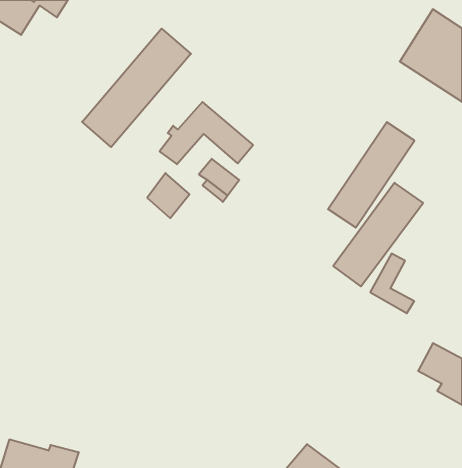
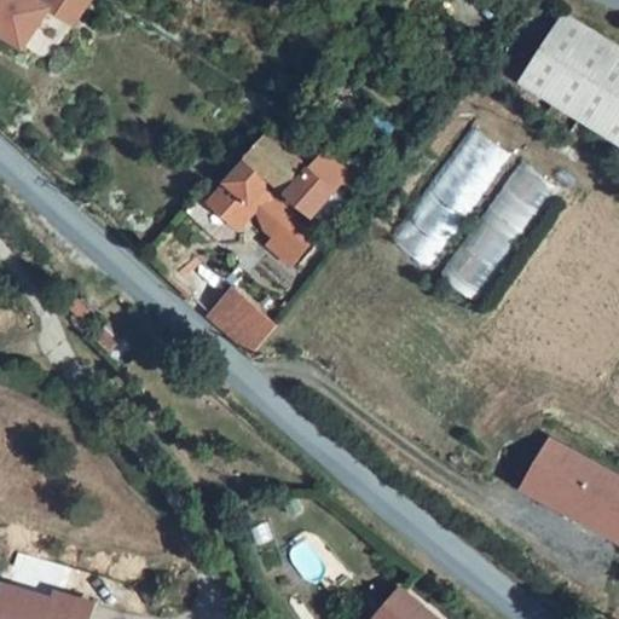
building: [82,29,191,147] -> none
building: [147,173,189,218] -> [222,299,278,358]
building: [333,183,423,286] -> [381,128,499,265]
building: [370,254,414,313] -> [525,444,583,522]

